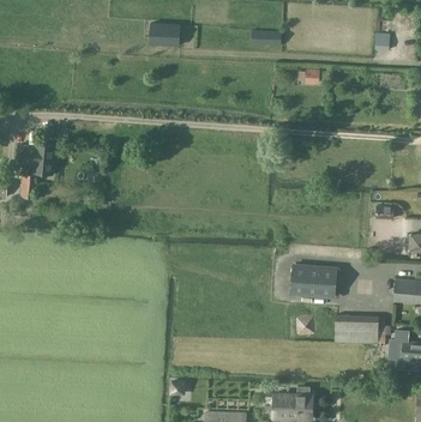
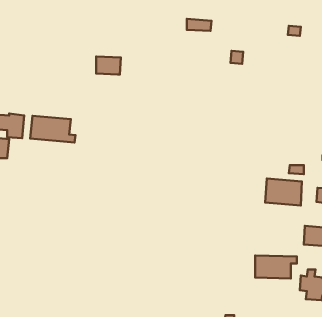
building: [150,24,180,46] -> [96,57,121,74]
building: none -> [30,116,75,143]
building: [290,265,335,297] -> [265,179,302,205]

